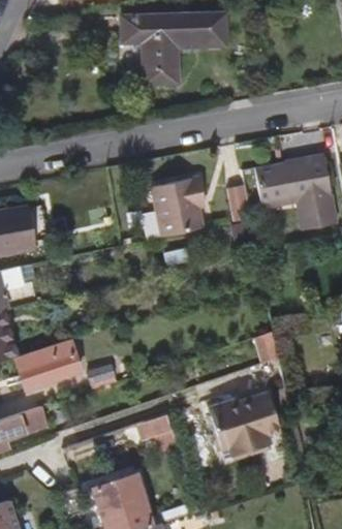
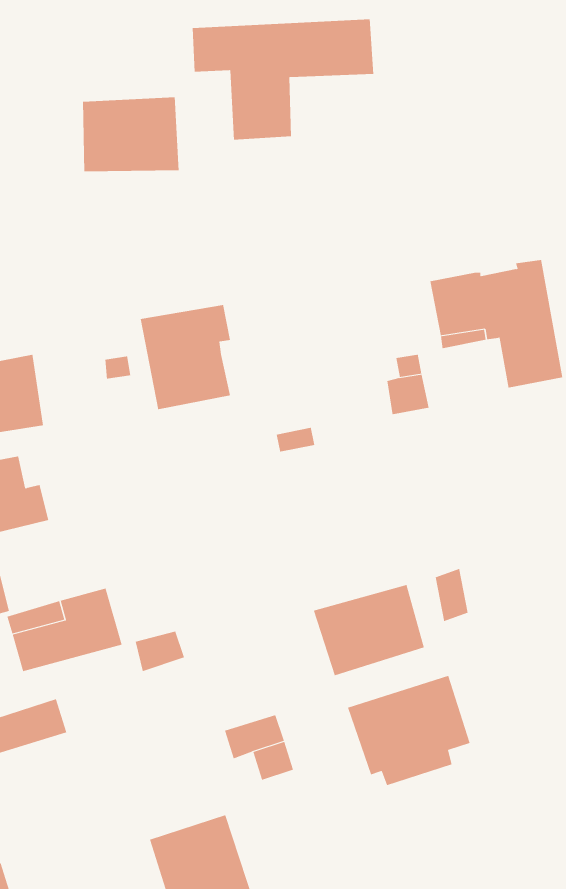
building: none -> [83,96,179,172]
building: [151,176,204,237] -> [140,304,231,410]
building: none -> [313,584,425,676]

